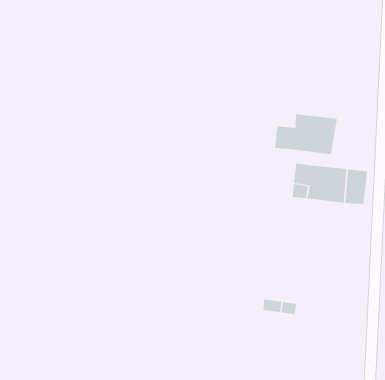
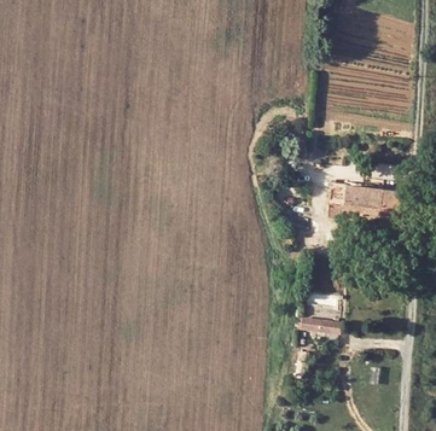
building: [275,114,338,155] -> none

